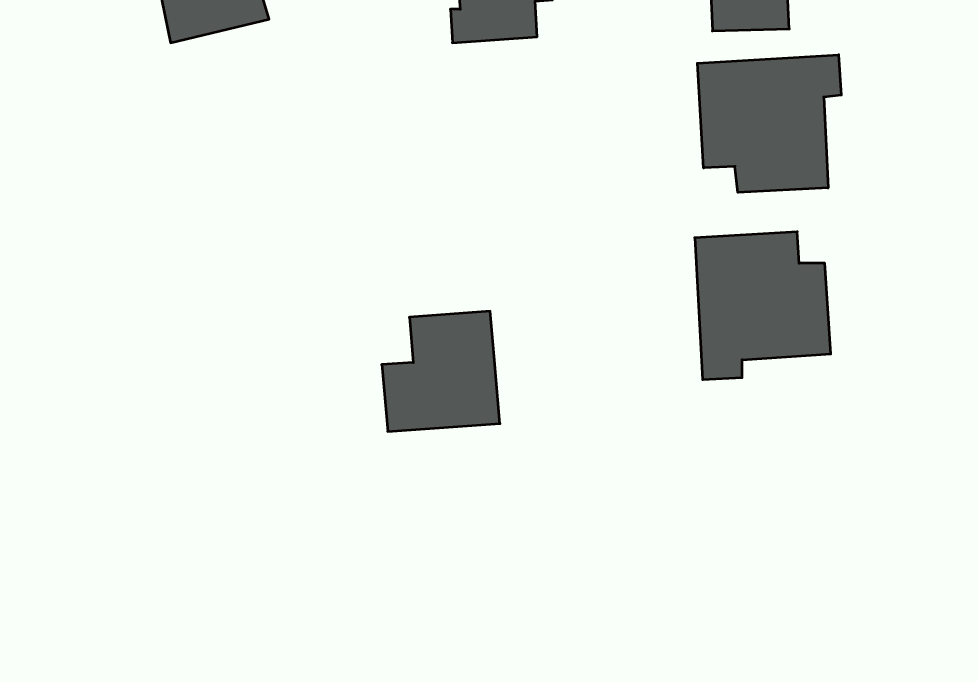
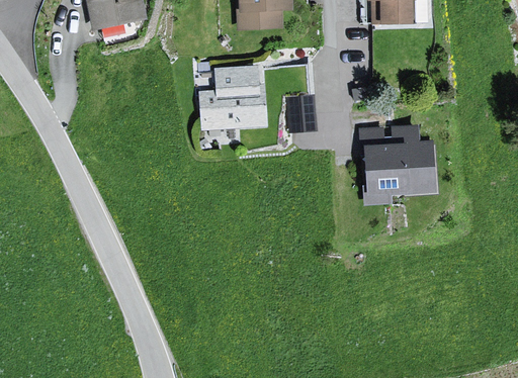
building: [697,55,841,192] -> none
building: [382,311,500,431] -> [202,66,263,127]

